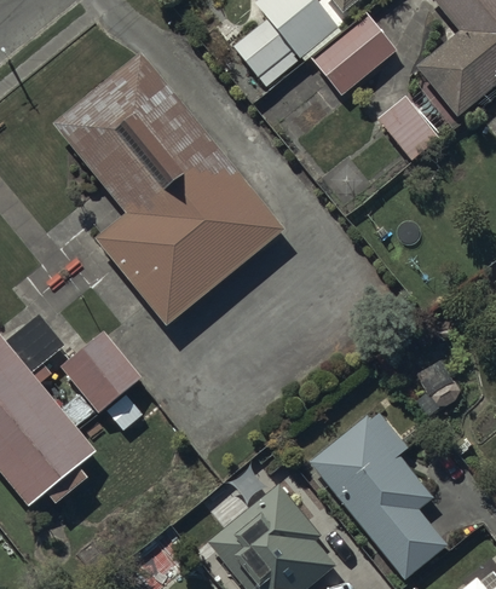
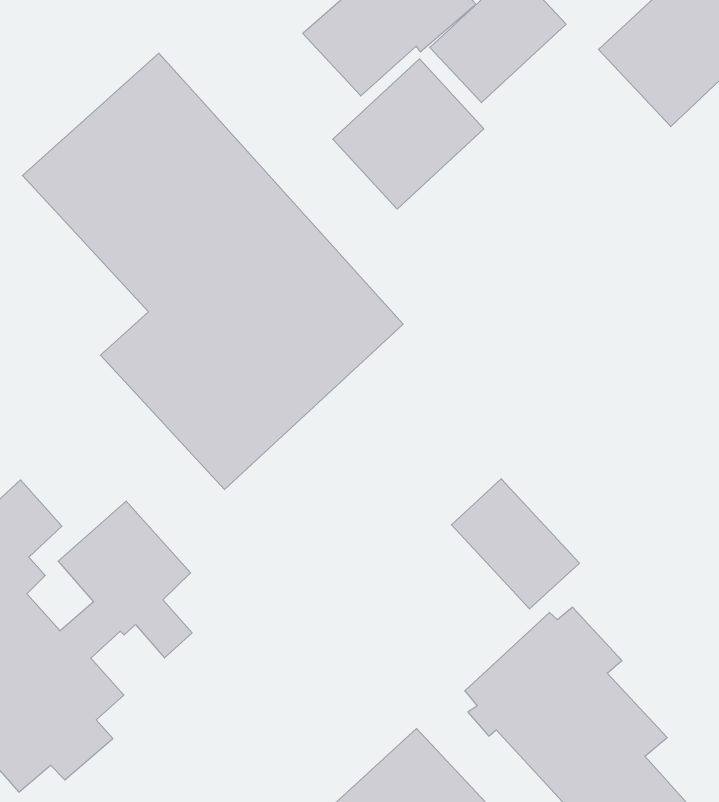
building: none -> [333,59,484,209]
building: [377,96,440,161] -> none
building: none -> [451,479,579,609]

